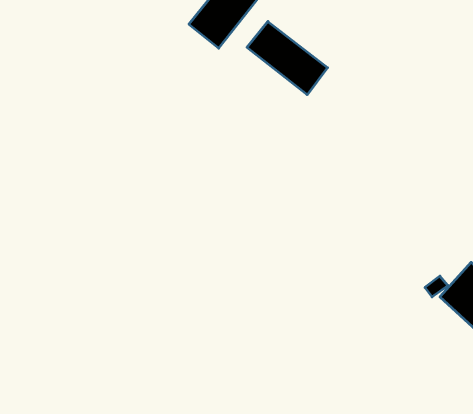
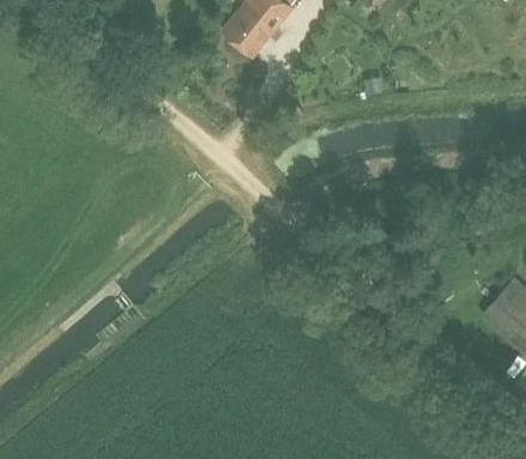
building: [247,21,328,95] -> none

